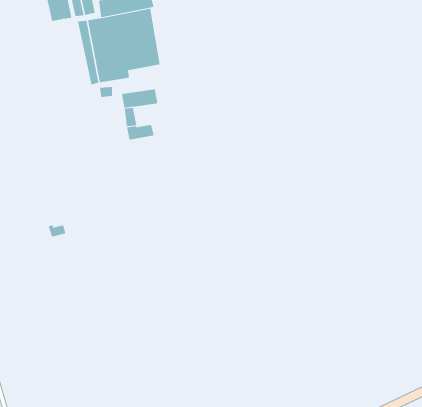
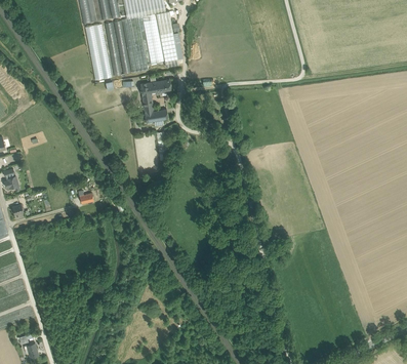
building: none -> [85,24,112,79]

